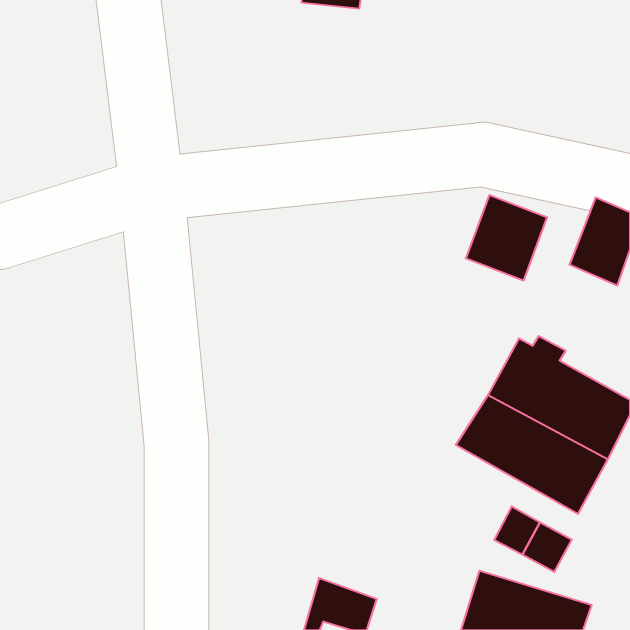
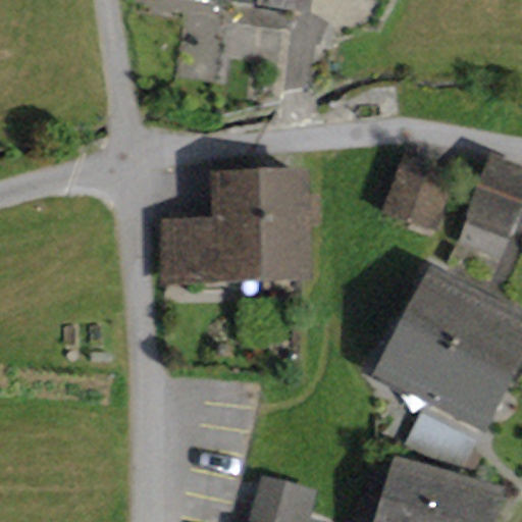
building: none -> [165,175,302,276]

